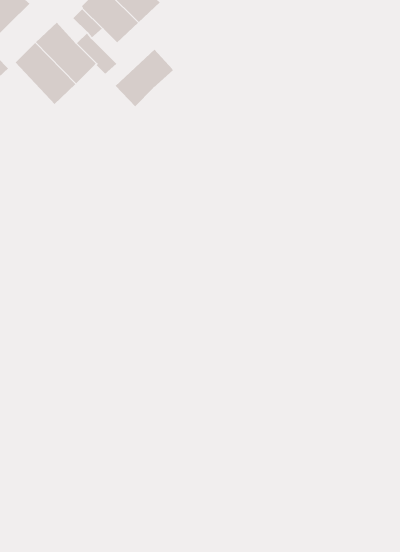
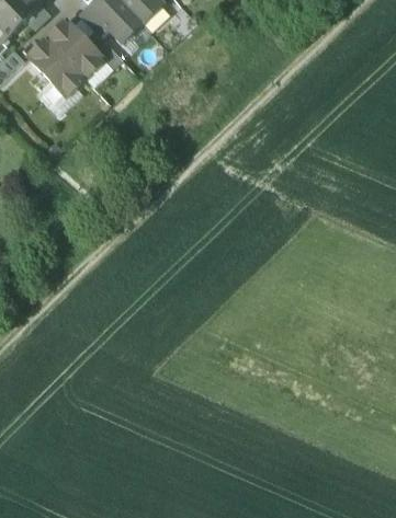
building: [115,49,174,107] -> none

